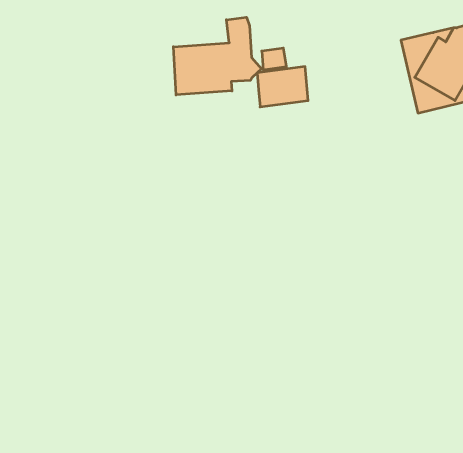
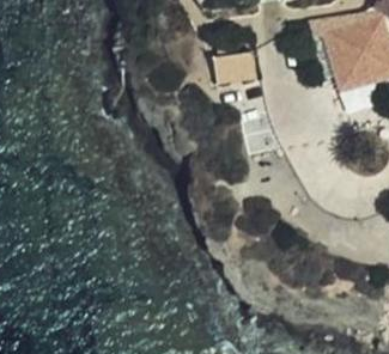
building: [173,17,261,95] -> none

